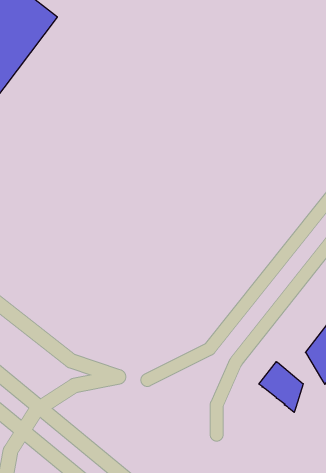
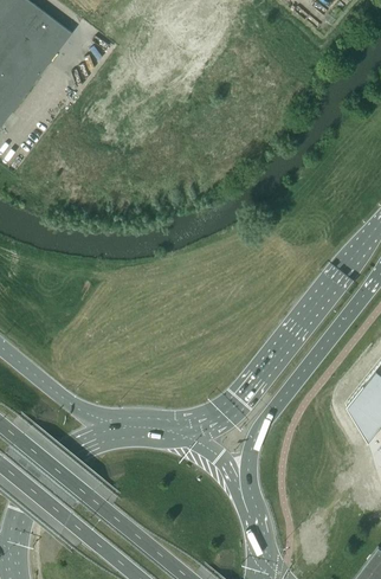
building: [259,362,303,412] -> none

